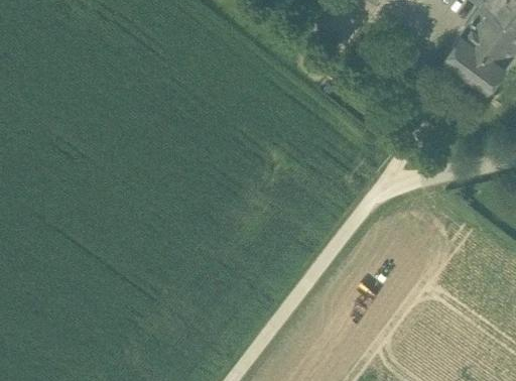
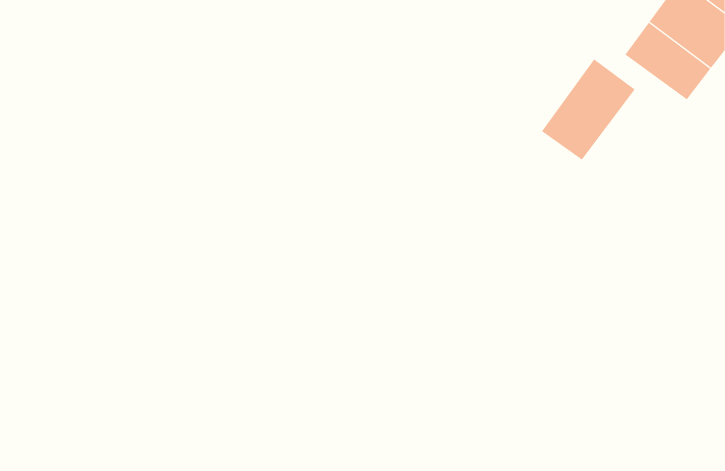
building: none -> [541,59,636,161]

